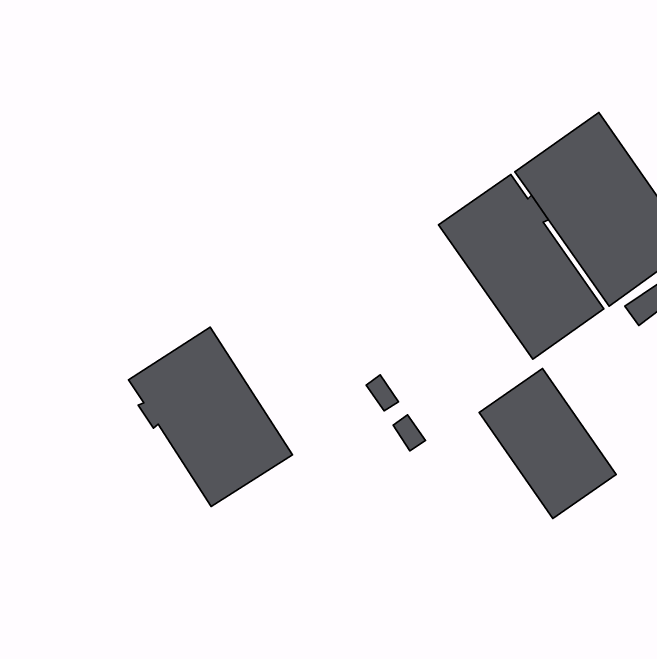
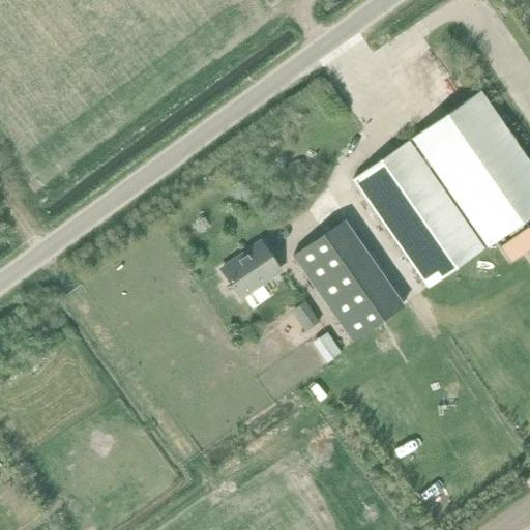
building: none -> [220,240,278,294]
building: [128,327,292,507] -> none
building: [479,369,616,518] -> [294,220,404,341]

